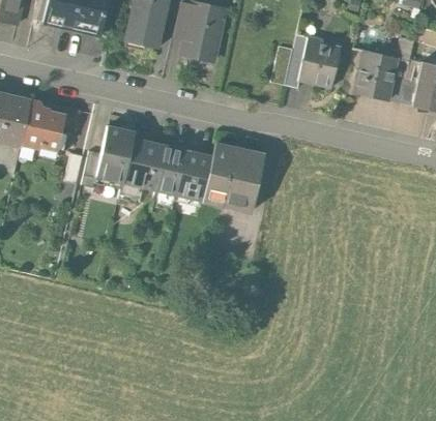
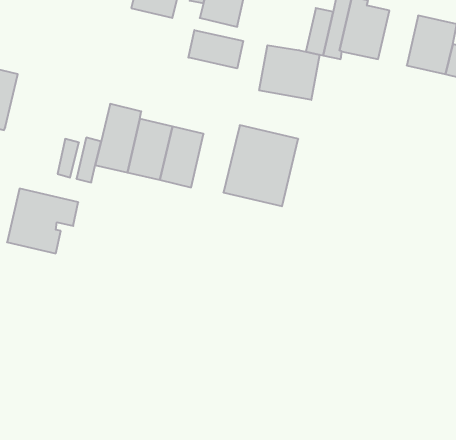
building: none -> [188,30,243,68]
building: none -> [259,45,319,100]
building: [21,100,80,154] -> [7,189,78,253]
building: [175,150,212,201] -> none

